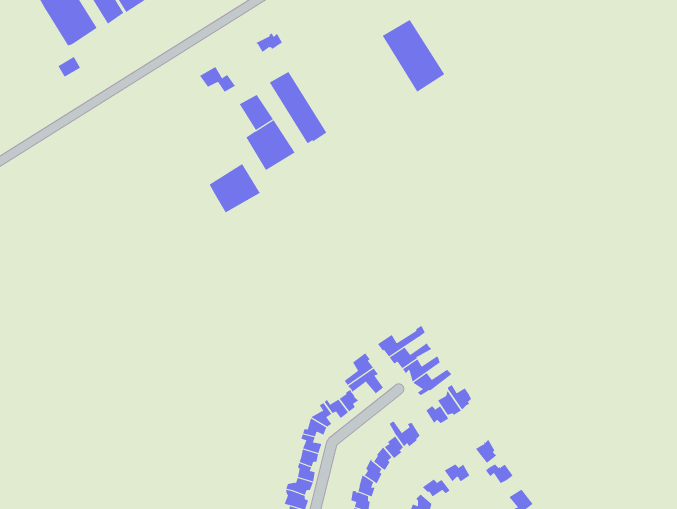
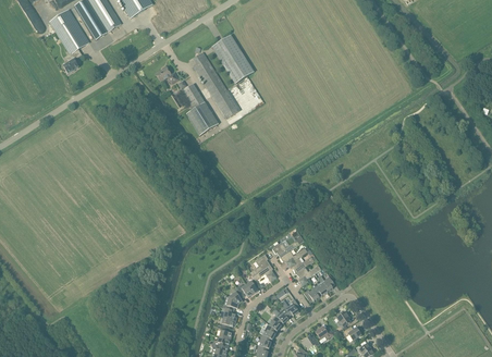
building: [382,19,445,93] -> [212,35,254,83]
building: [209,163,260,213] -> none

